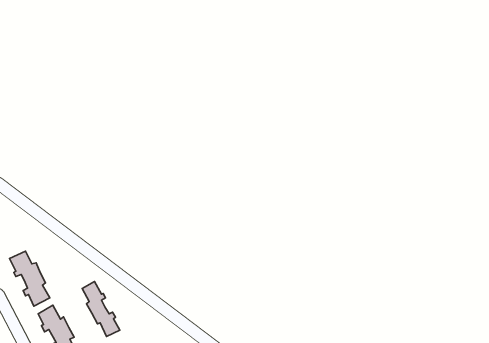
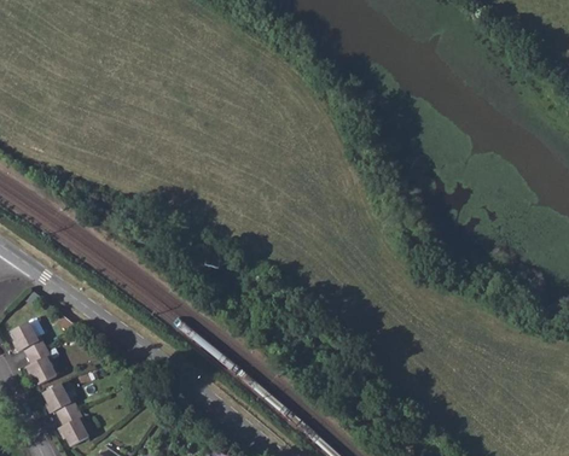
building: [82,281,120,337] -> none

